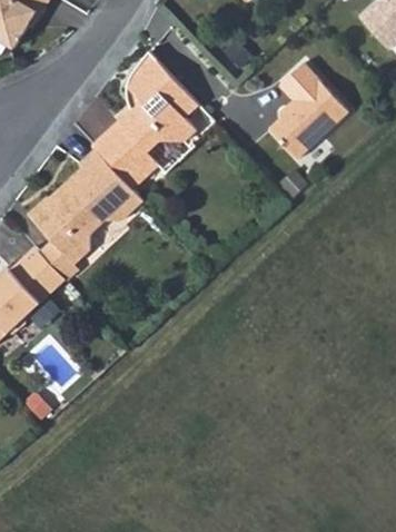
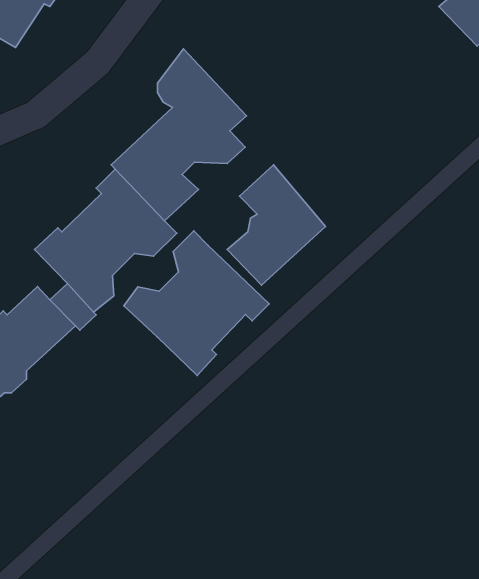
building: [267,58,347,156] -> [227,165,326,285]
building: none -> [124,231,269,376]

